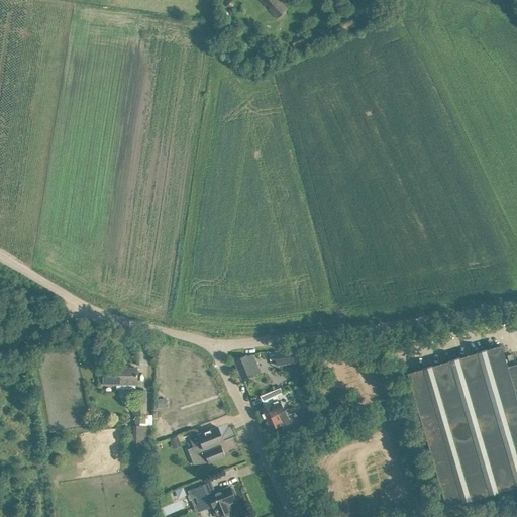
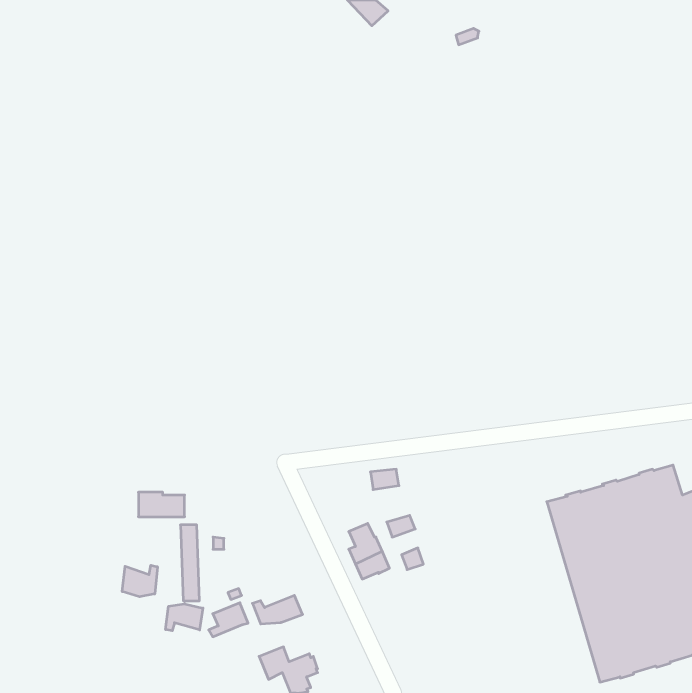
building: [235,355,261,380] -> none
building: none -> [122,565,157,597]
building: [195,427,224,452] -> [209,603,248,637]
building: none -> [166,604,203,631]

